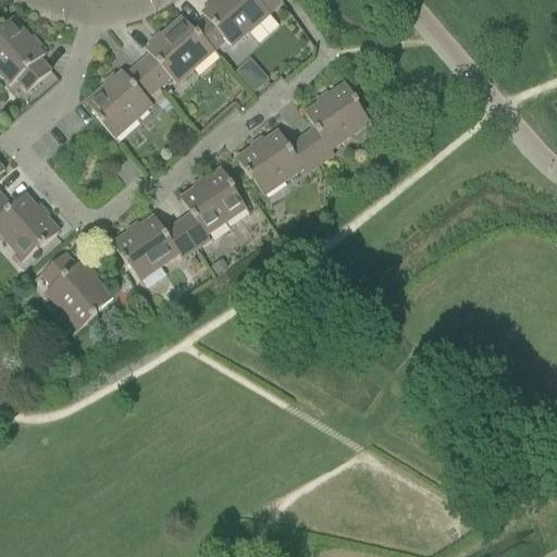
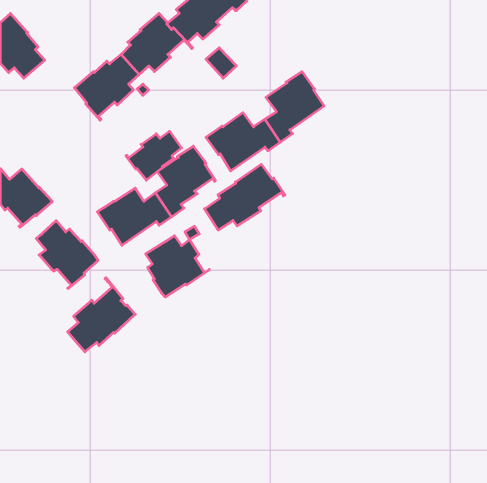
building: none -> [126,131,182,180]
building: none -> [204,164,285,230]
building: none -> [146,236,209,297]
building: none -> [68,278,135,352]

